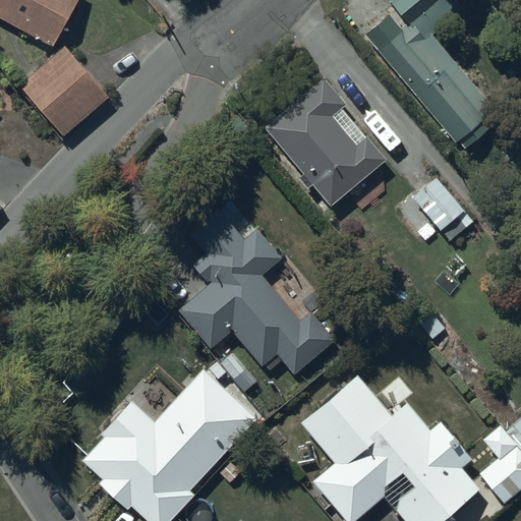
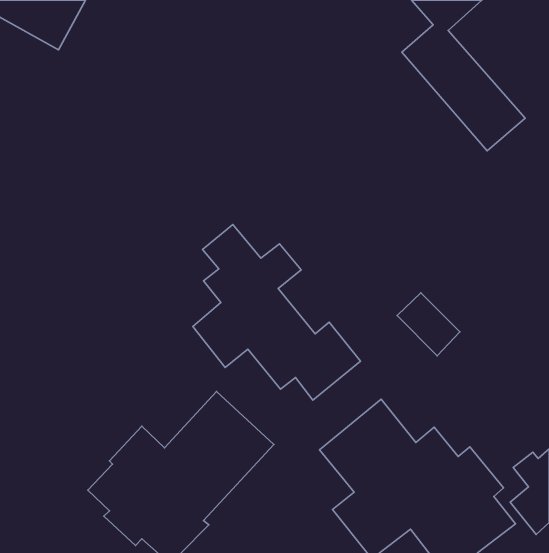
building: [20,47,111,137] -> none
building: [264,78,384,205] -> none
building: [411,177,470,236] -> [397,293,460,356]

